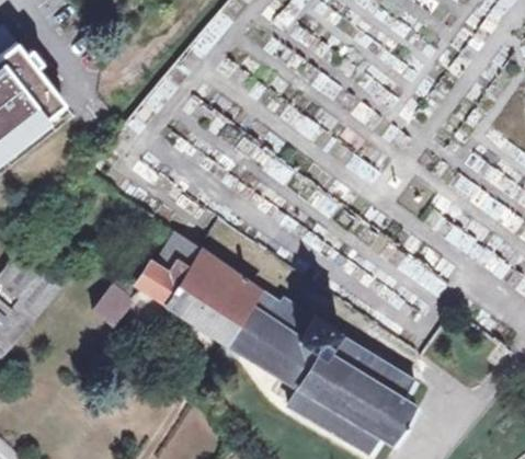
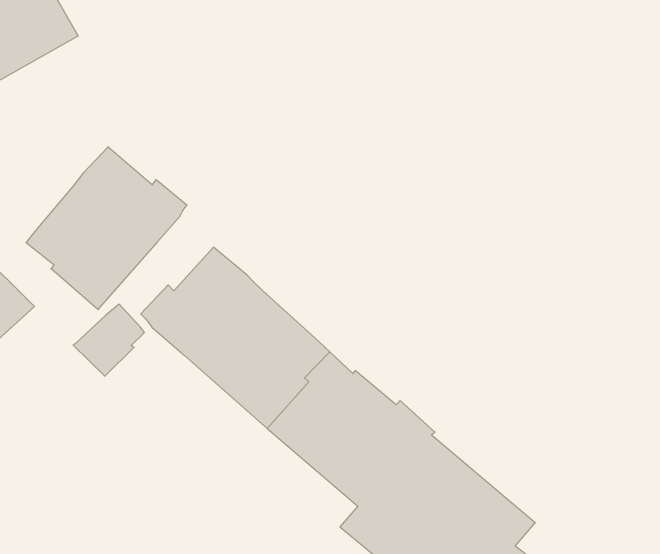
building: none -> [26,147,187,310]

